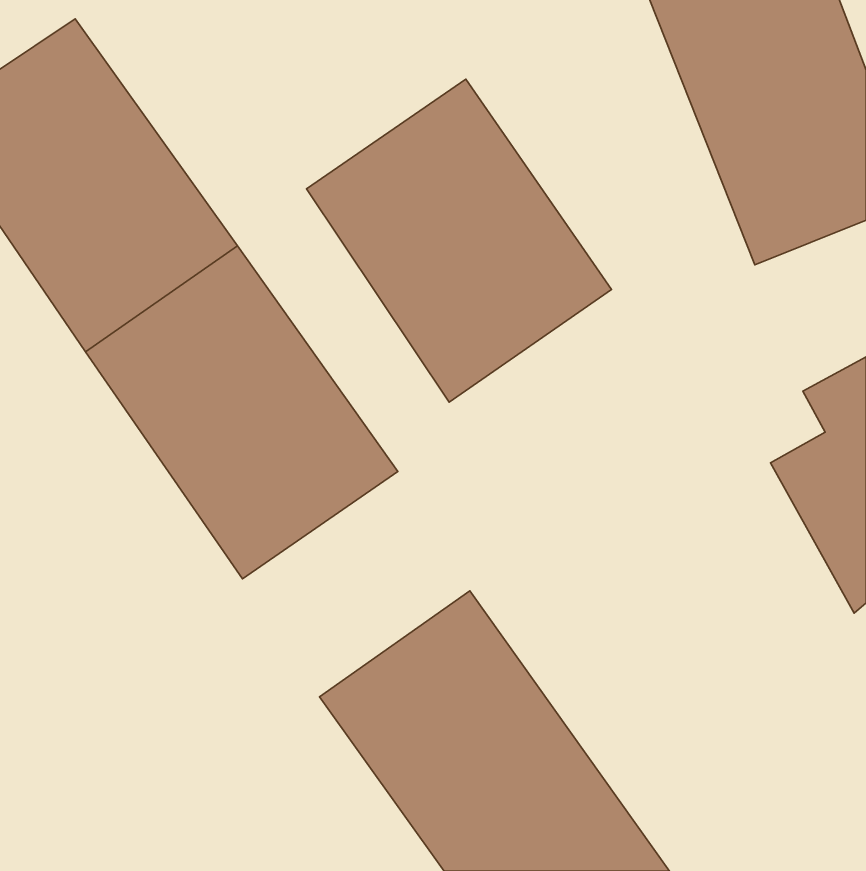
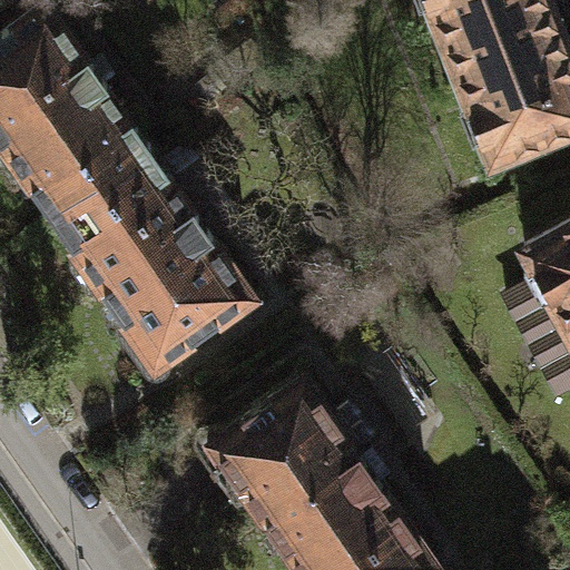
building: [306,79,612,402] -> none

